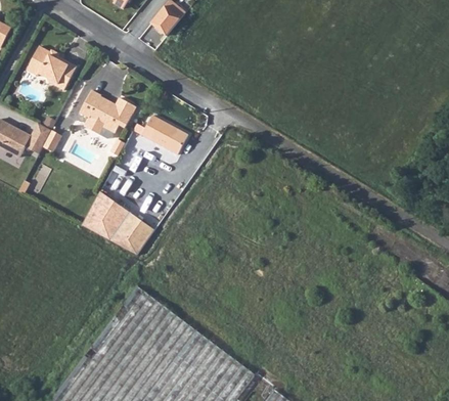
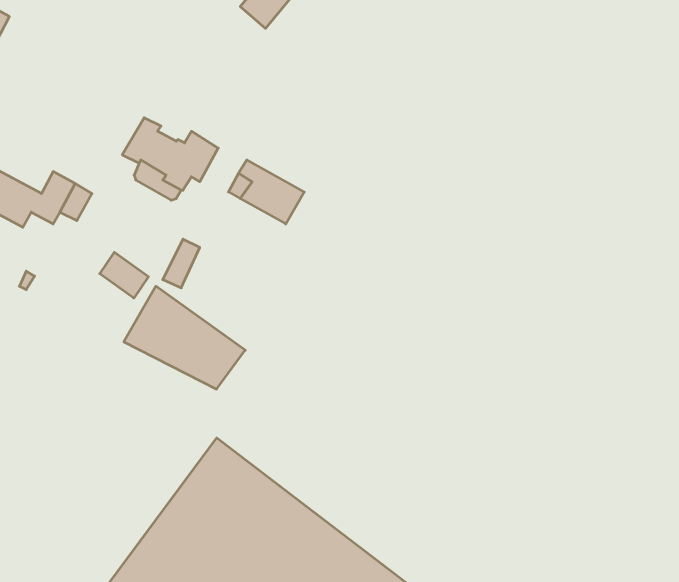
building: [27,45,78,90] -> none
building: none -> [100,252,148,298]

